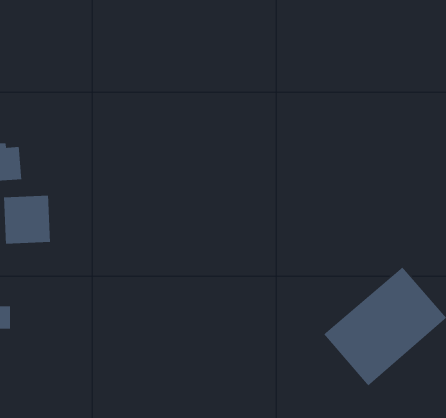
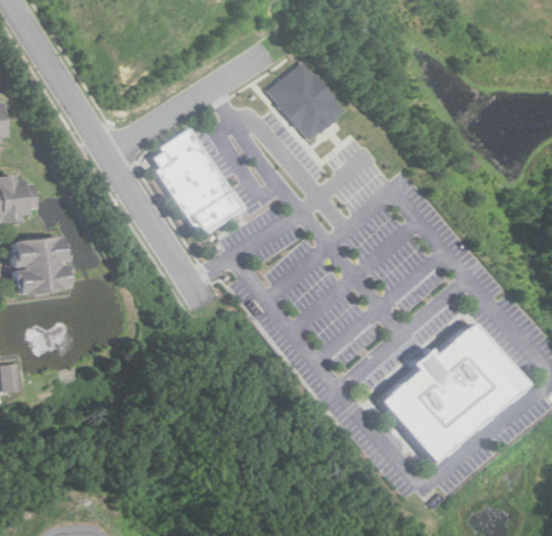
building: none -> [269,63,347,143]
building: none -> [153,125,240,232]

